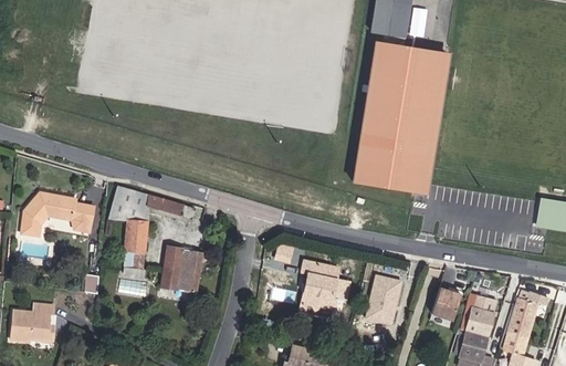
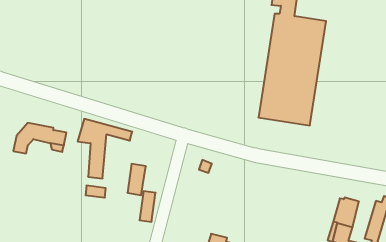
building: [160,247,182,289] -> [139,191,156,222]
building: [301,260,348,310] -> none
building: [365,272,402,324] -> none
building: [431,289,461,321] -> none
building: [10,303,53,342] -> none

